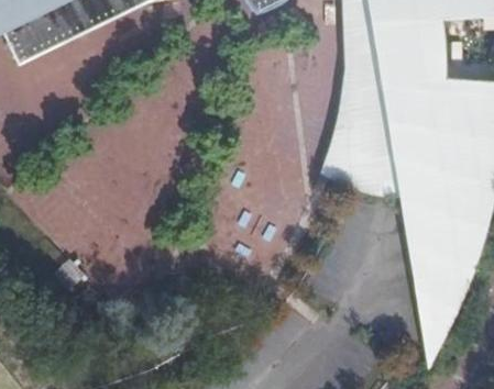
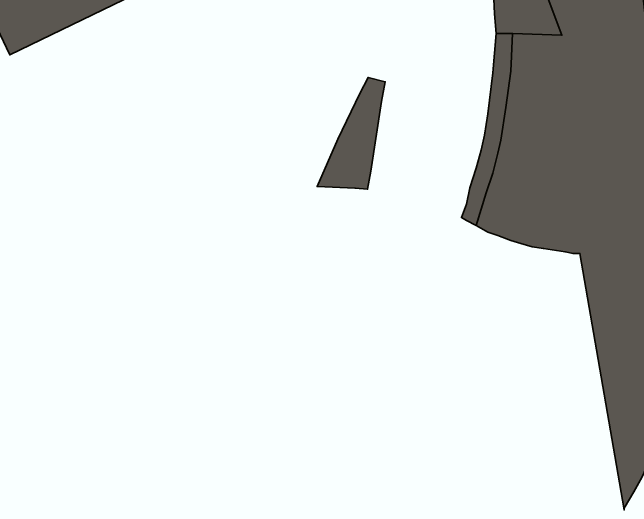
building: none -> [317,77,385,189]

